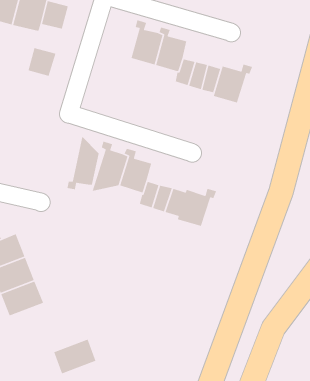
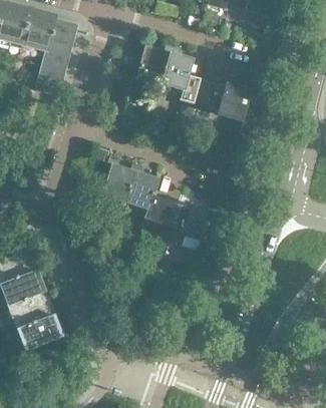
building: none -> [42,42,70,70]
building: [66,135,99,190] -> none
building: [53,338,96,374] -> [18,314,60,349]

